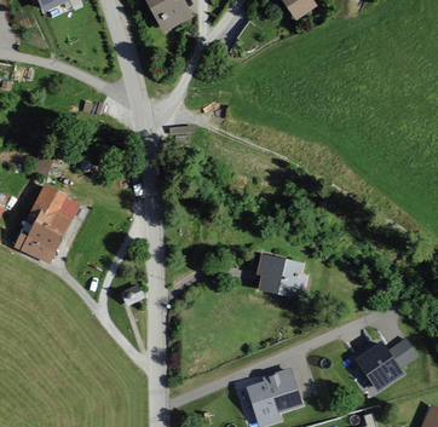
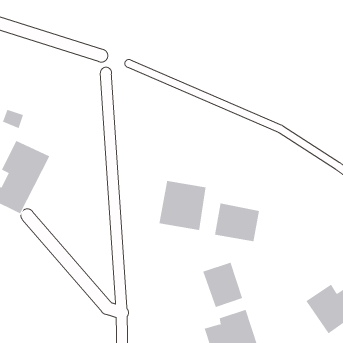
building: none -> [159,180,206,231]
building: none -> [202,262,243,308]

